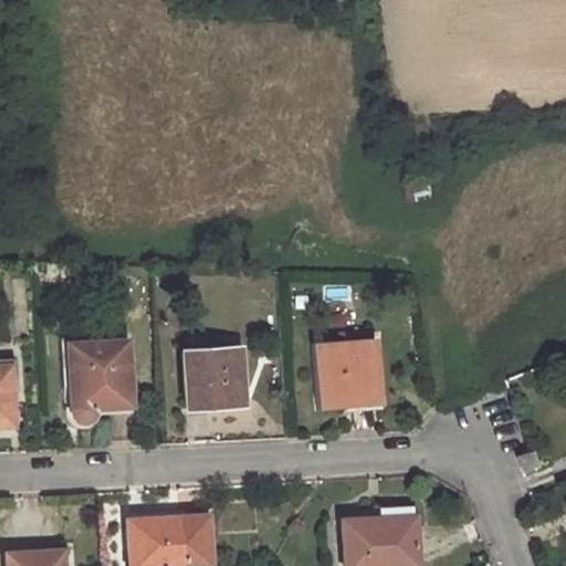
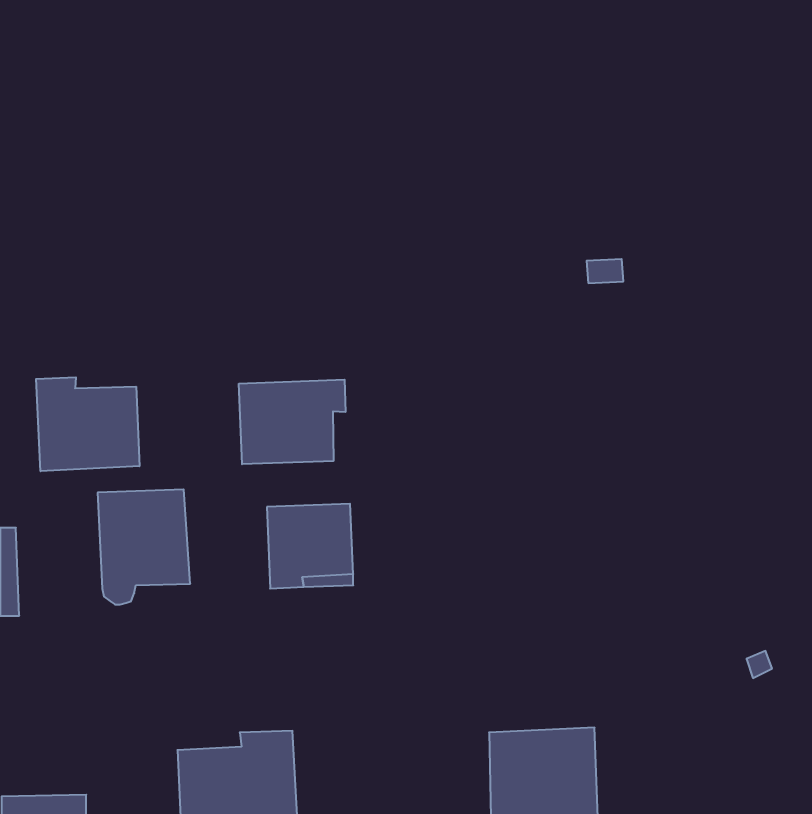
building: none -> [36,377,139,471]
building: none -> [239,380,345,464]
building: [319,347,380,410] -> none

